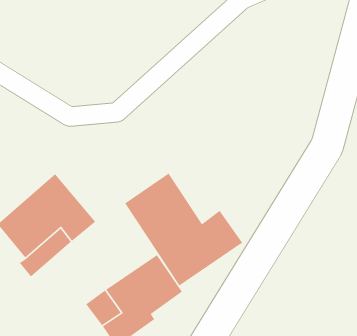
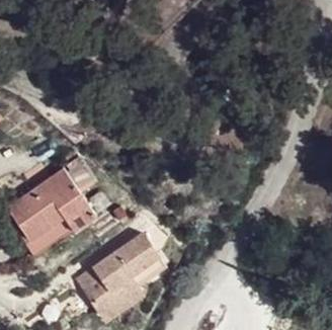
building: [124,172,243,287] -> none

